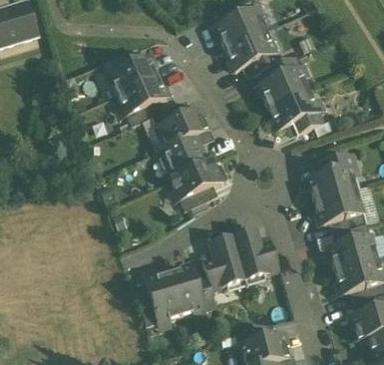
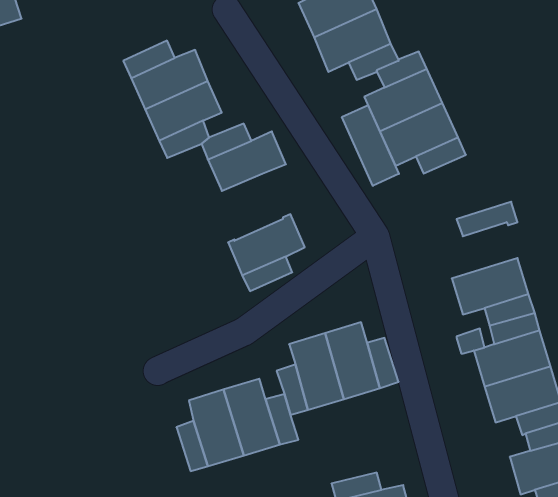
building: none -> [342,105,399,186]
building: [161,135,206,178] -> none
building: [307,166,356,203] -> none

